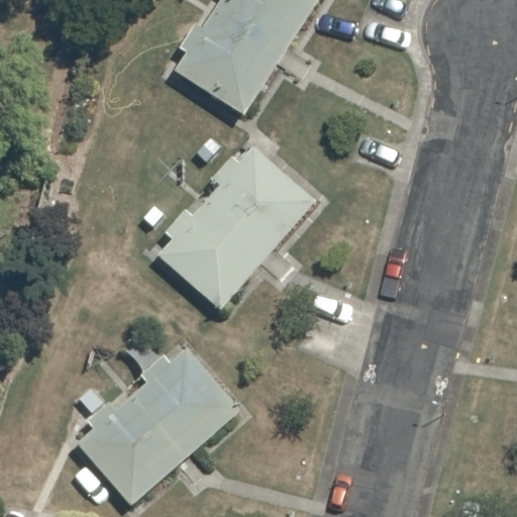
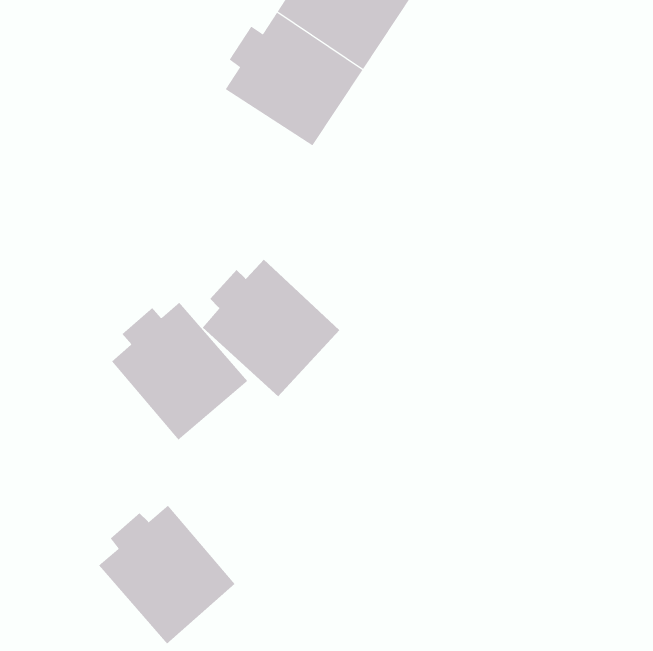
building: [206,150,314,257] -> none
building: [131,347,238,455] -> [111,302,248,440]

